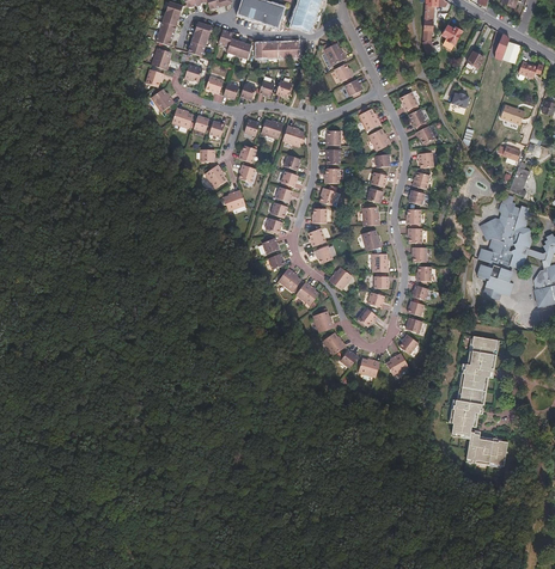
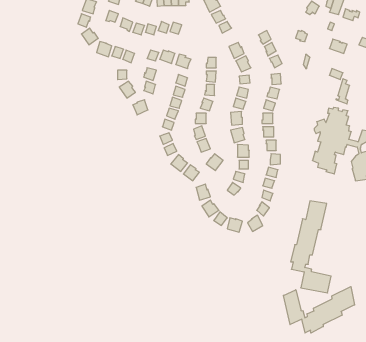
building: none -> [283,287,355,333]

